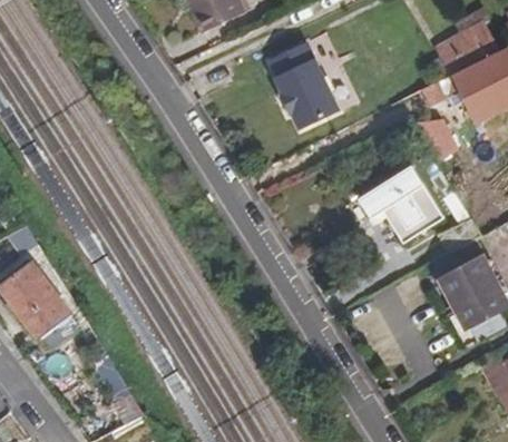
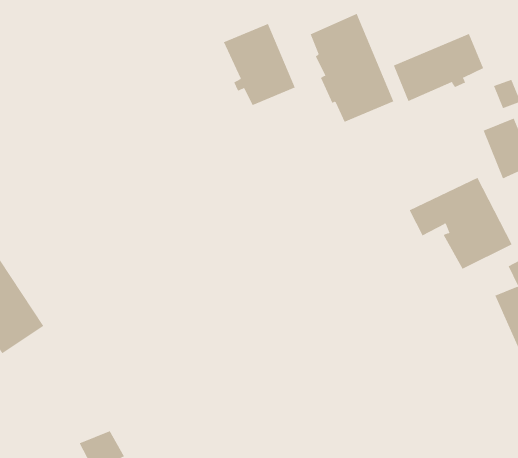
building: none -> [393,33,484,102]
building: none -> [223,23,295,106]

